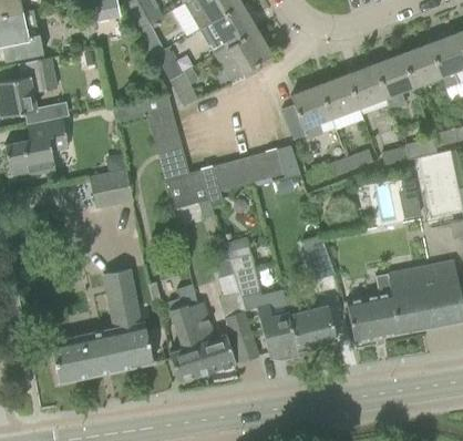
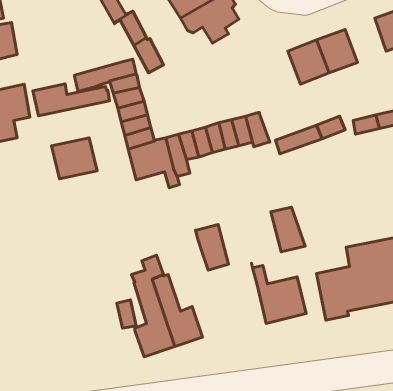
building: [374,53,414,110] -> none
building: [282,85,331,139] -> none
building: none -> [33,84,109,116]
building: [50,268,154,382] -> none
building: [219,268,260,365] -> none
building: [256,291,298,359] -> none

